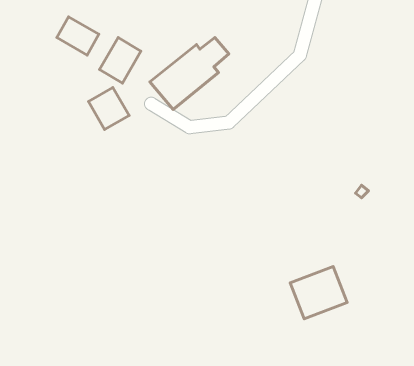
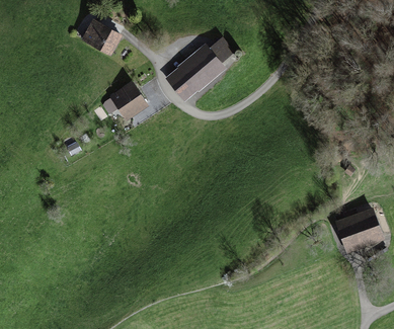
building: [100,38,141,83] -> none
building: [290,266,347,319] -> [335,208,385,253]

